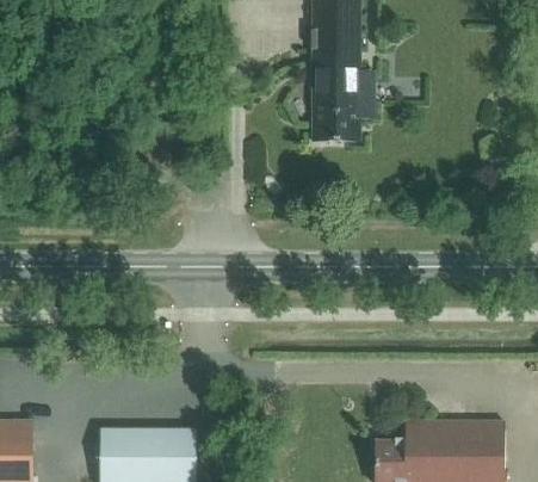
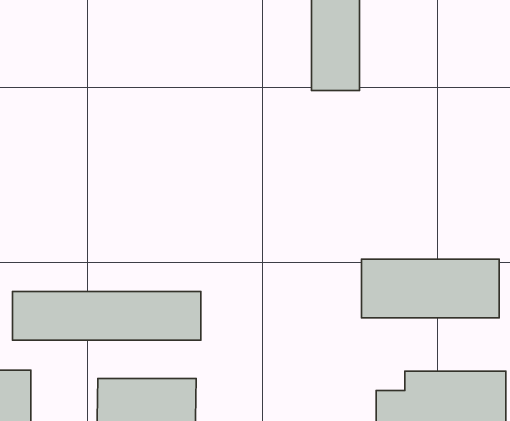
building: none -> [361,259,499,318]
building: none -> [13,292,201,340]

